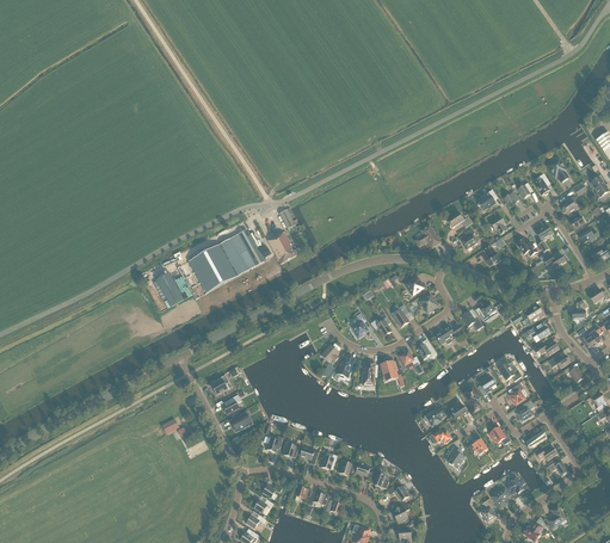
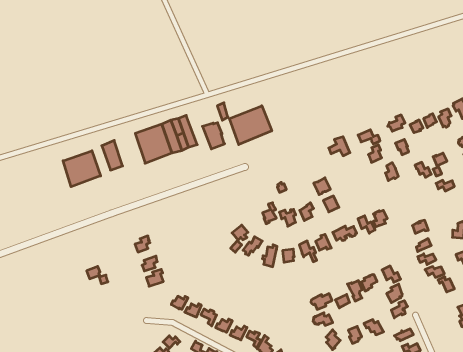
building: none -> [230,106,272,145]
building: none -> [63,151,101,187]

